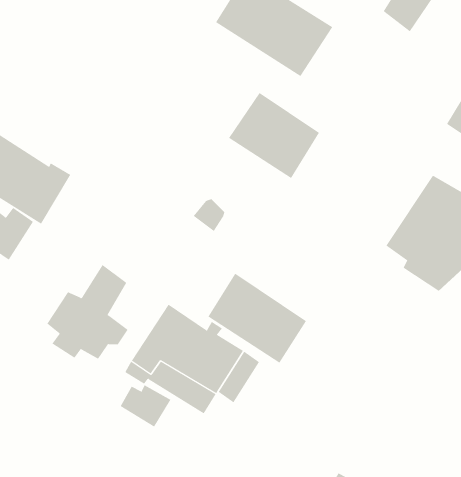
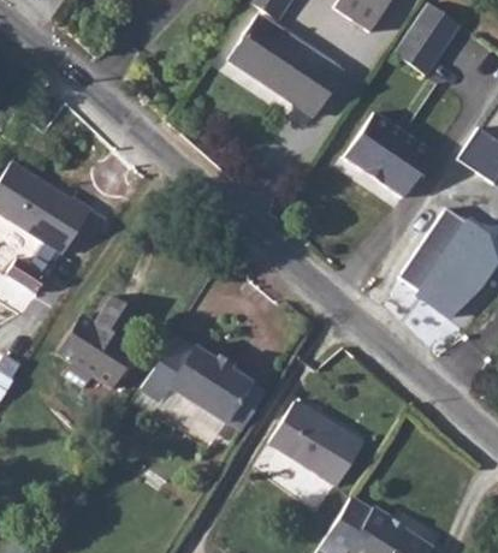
building: [228,92,320,179] -> [346,112,435,196]
building: [208,273,307,363] -> [265,402,361,489]
building: [120,384,171,428] -> none

